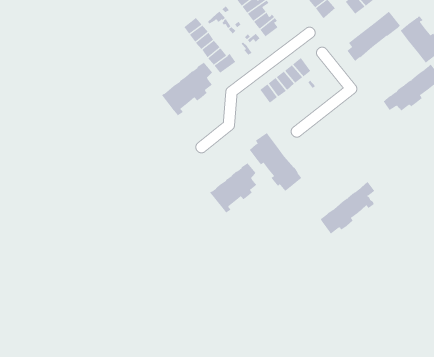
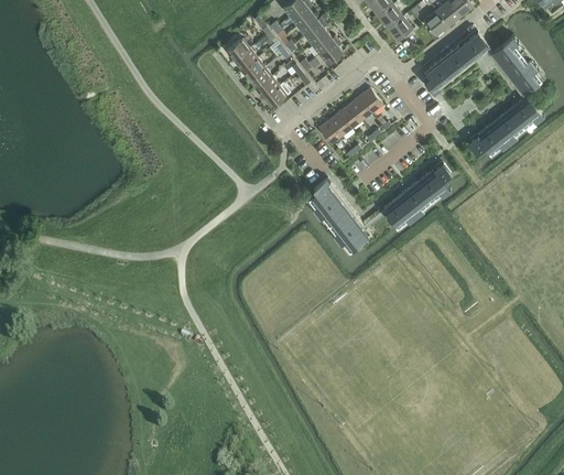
building: [161,62,213,116] -> none
building: [209,163,257,214] -> none
building: [319,182,375,234] -> [382,163,451,227]

